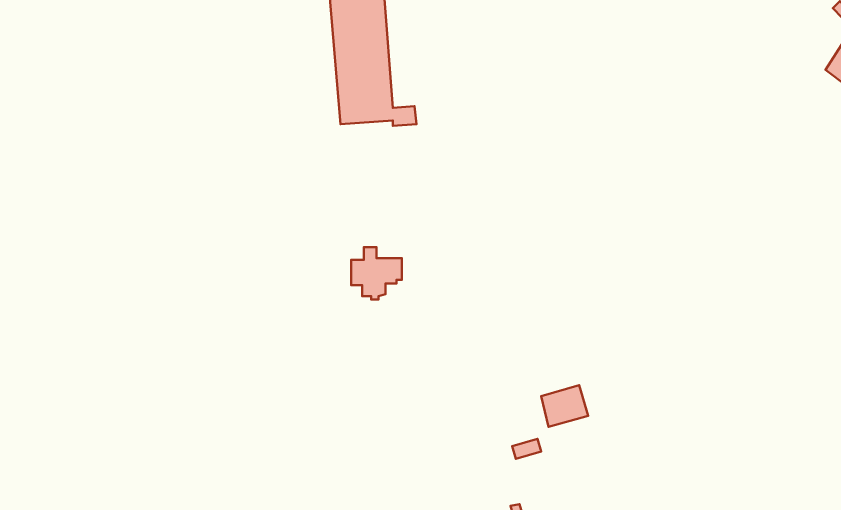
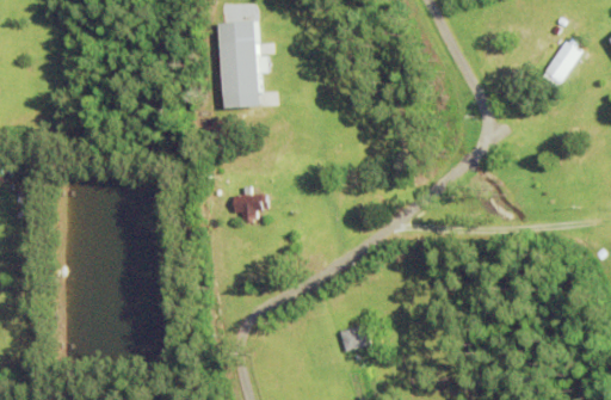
building: [541,385,588,427] -> [338,325,369,352]

